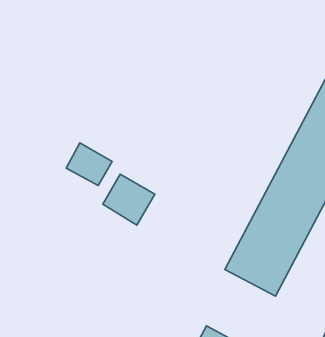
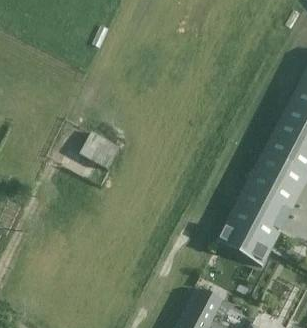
building: [103,174,155,225] -> none

